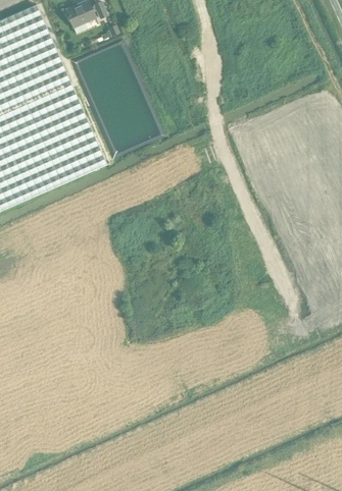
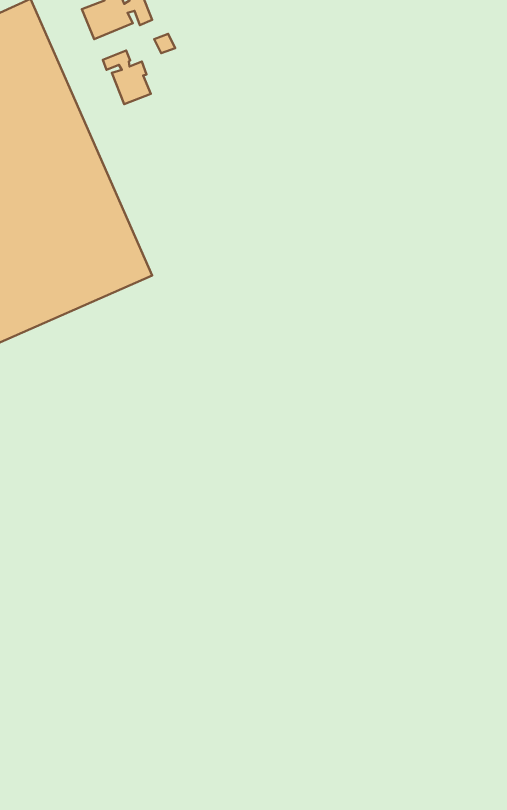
building: none -> [103,50,151,104]

